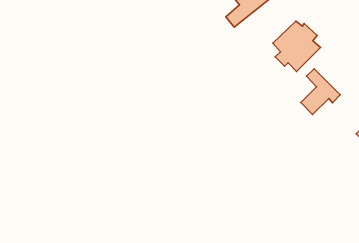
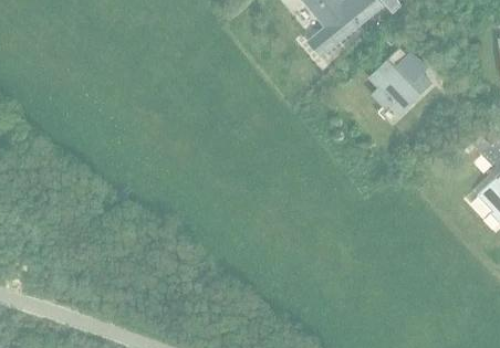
building: [301,69,340,115] -> none

